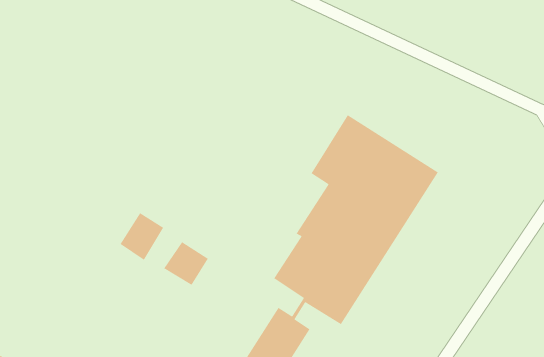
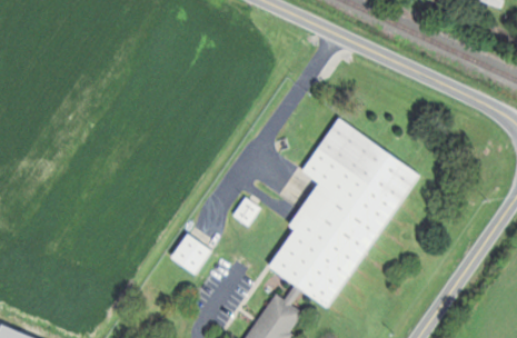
building: [119,212,164,261] -> none

